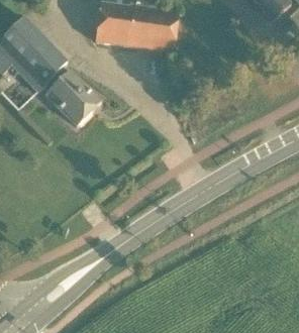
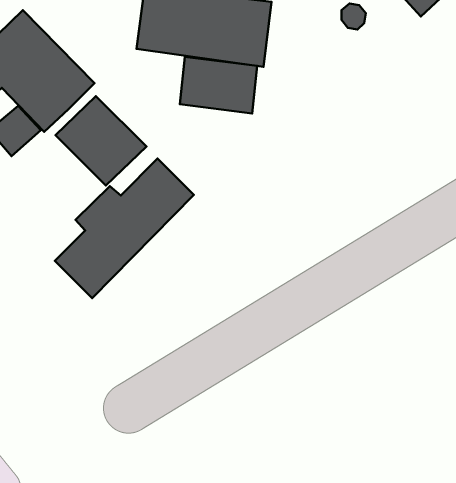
building: none -> [180,57,257,114]
building: none -> [55,158,194,298]

